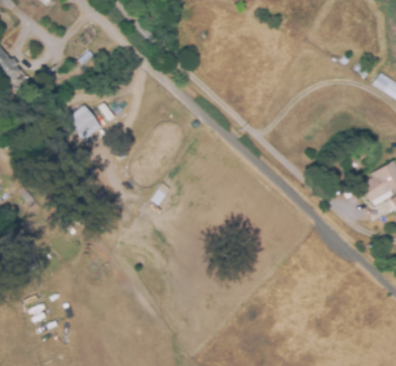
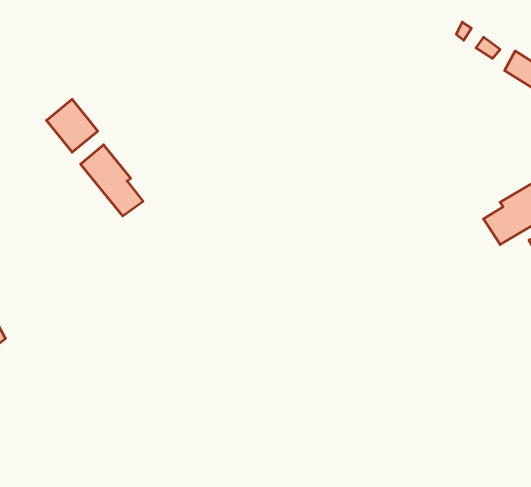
building: none -> [81,145,143,216]

